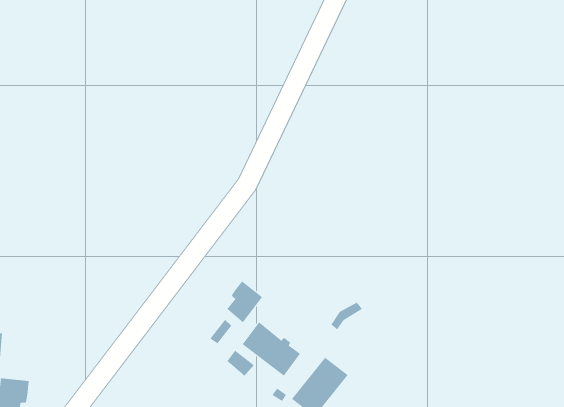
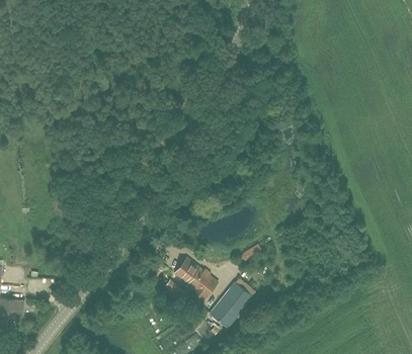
building: [226,280,263,323] -> none

